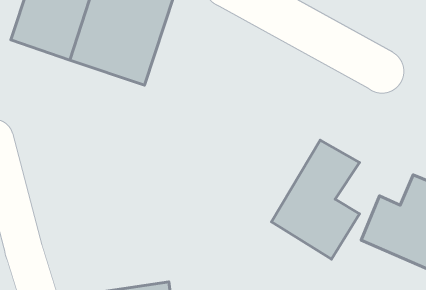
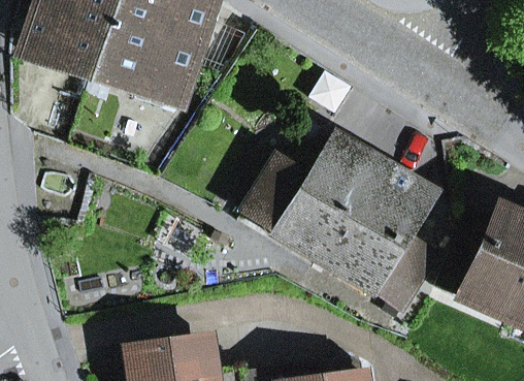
building: none -> [238,139,394,268]

